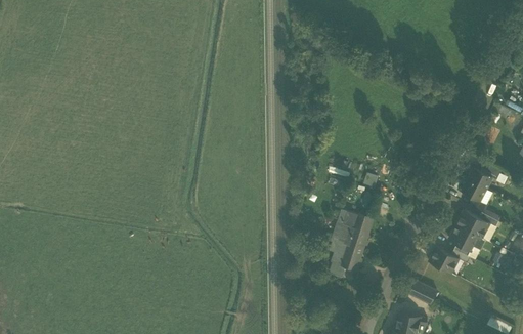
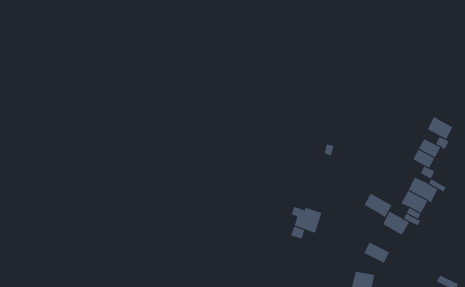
building: none -> [427,116,453,140]
building: [333,210,373,248] -> none
building: none -> [364,193,392,218]

